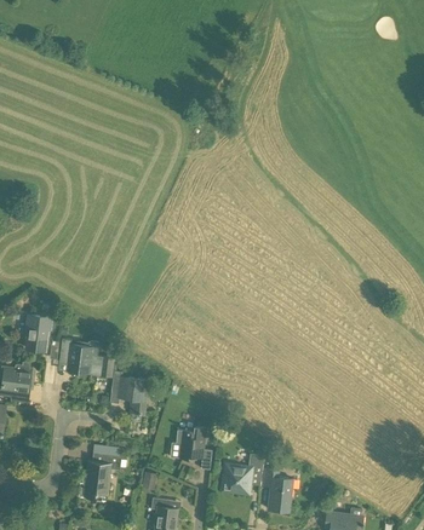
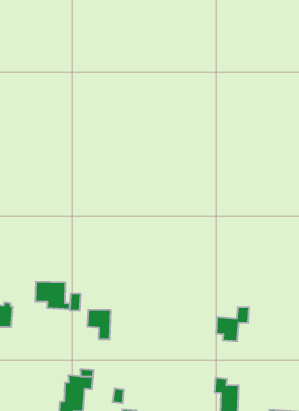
building: [25,316,52,351] -> none
building: [174,427,211,469] -> none
building: [222,454,263,494] -> [216,307,249,341]

